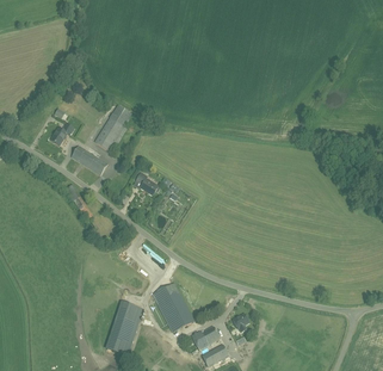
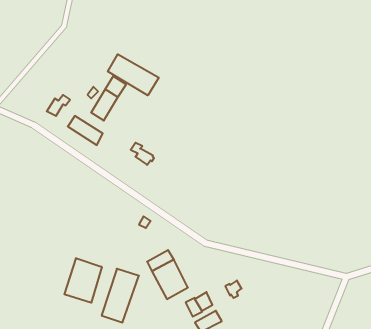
building: none -> [108,54,159,95]
building: none -> [64,258,102,303]

